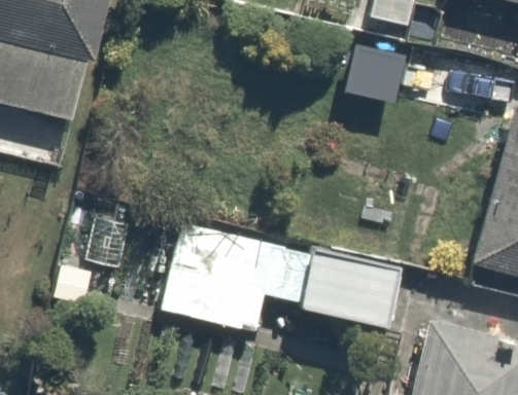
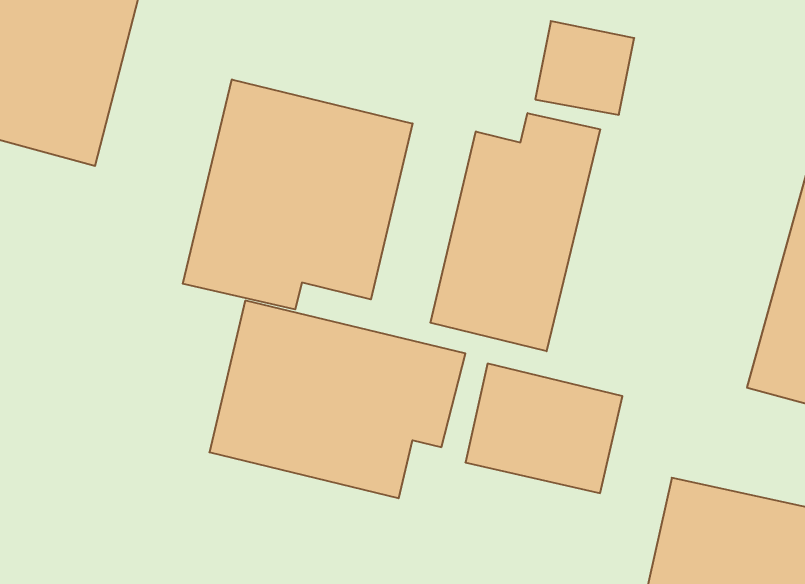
building: none -> [183,79,413,309]
building: none -> [430,113,600,351]

